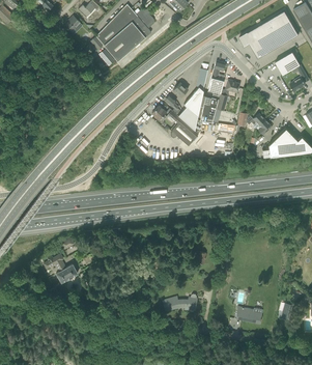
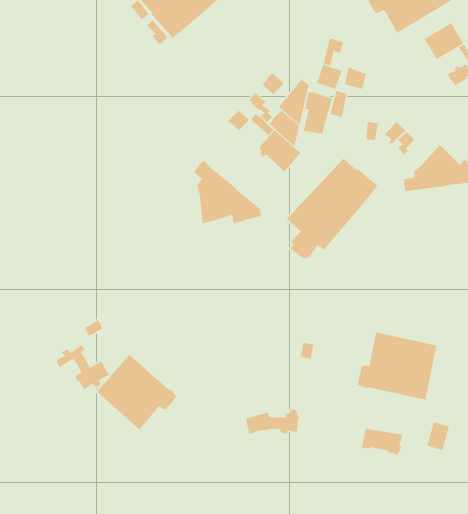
building: none -> [286,158,379,259]
building: none -> [193,160,262,225]
building: none -> [357,331,437,400]
building: none -> [96,354,177,430]

